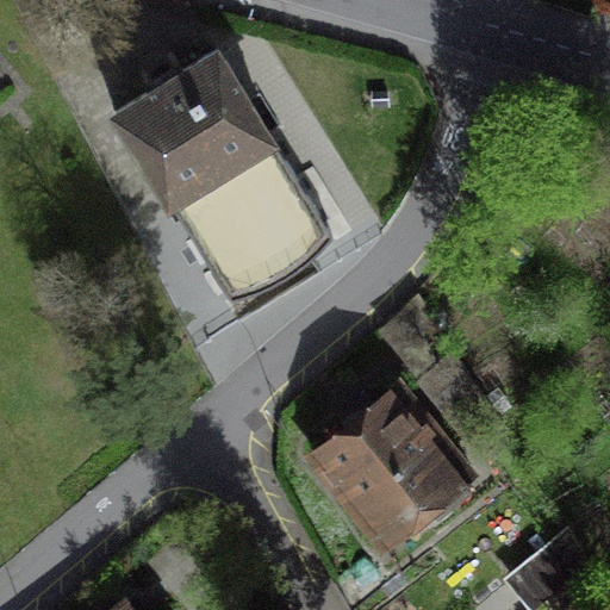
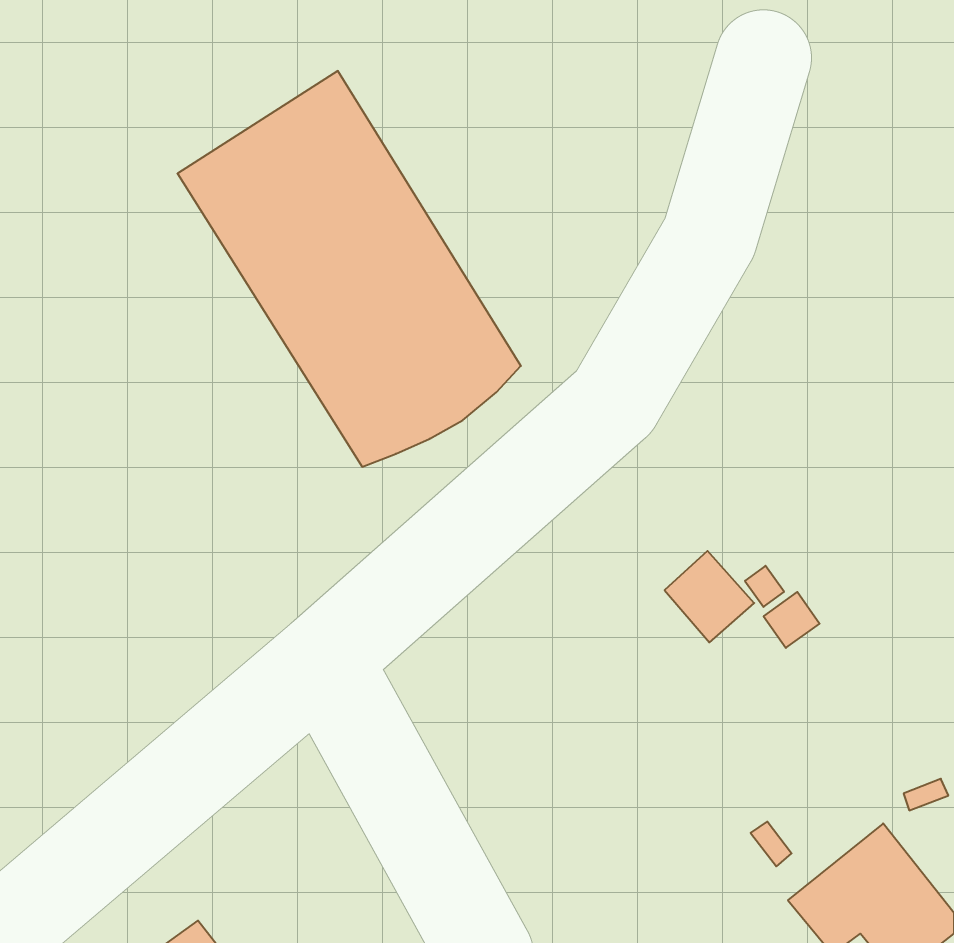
building: [299,382,469,554] -> none

